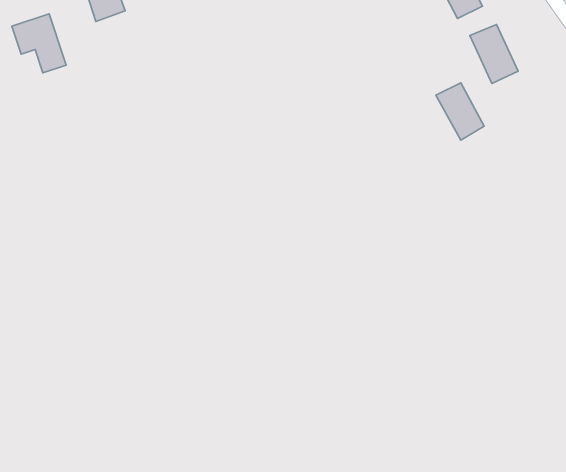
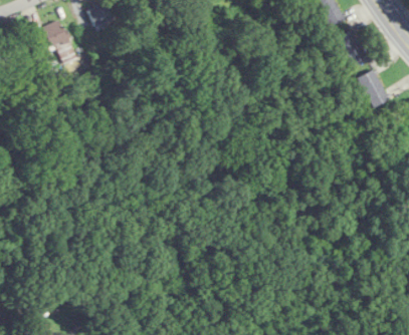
building: [436,83,484,140] -> [357,69,388,106]

